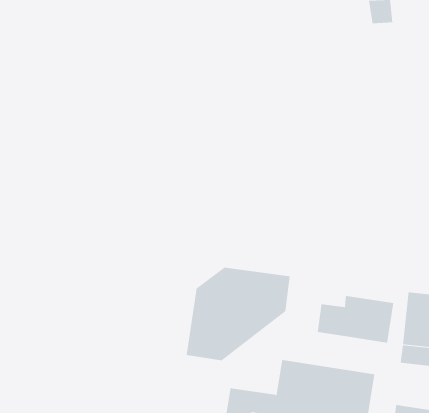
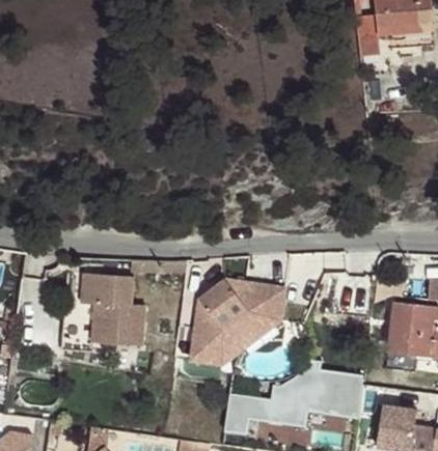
building: none -> [60,272,146,351]
building: [317,295,394,344] -> none

